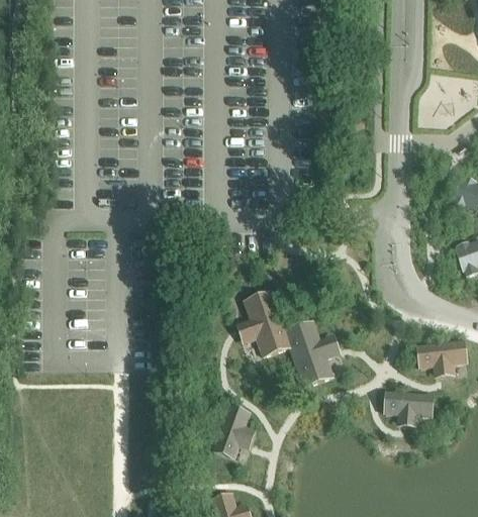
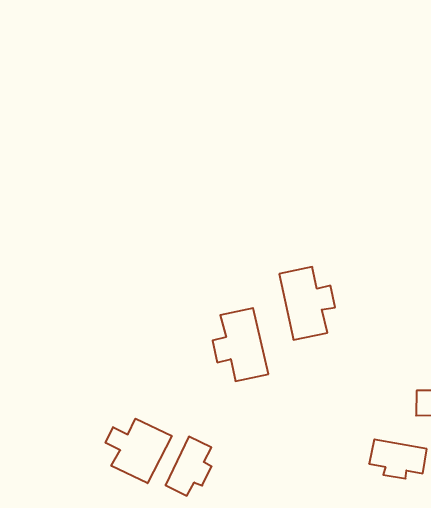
building: [286,322,337,386] -> [279,267,335,340]
building: none -> [106,419,172,483]

